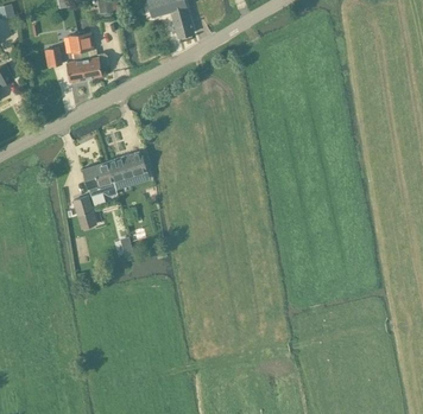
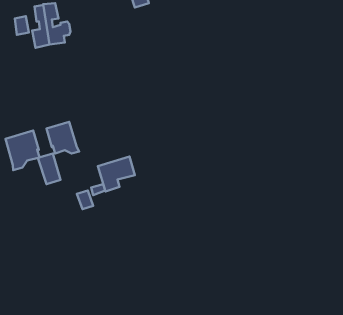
building: [107,152,147,190] -> [98,156,135,191]
building: none -> [5,131,39,170]

